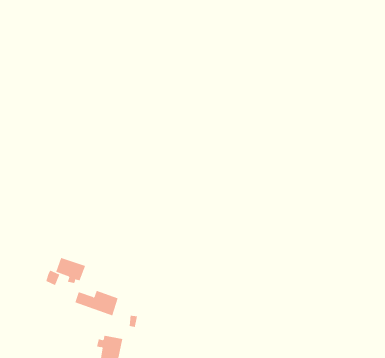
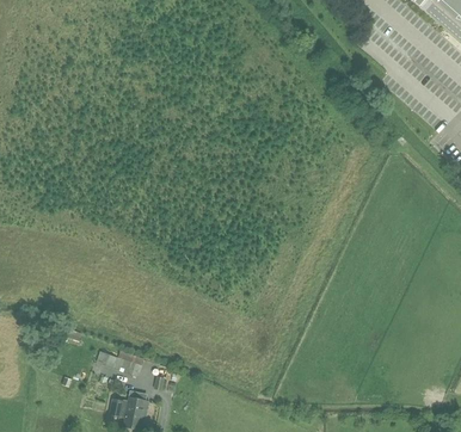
building: [56,257,86,284] -> none

